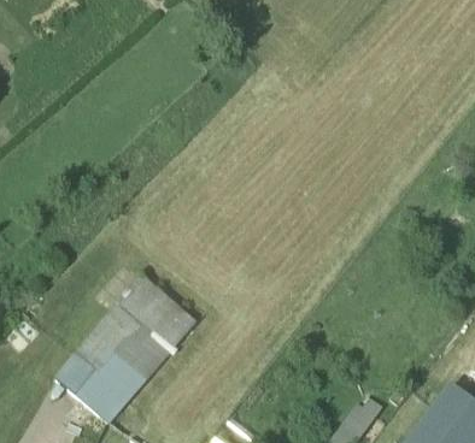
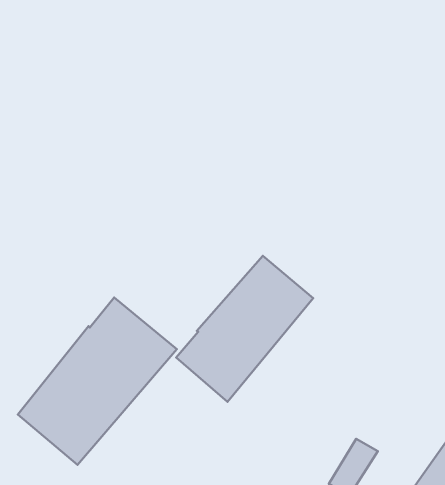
building: none -> [176,256,313,402]

